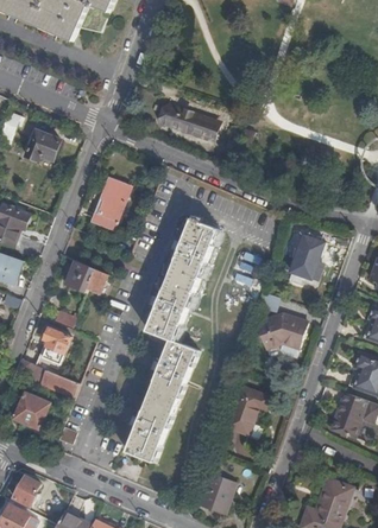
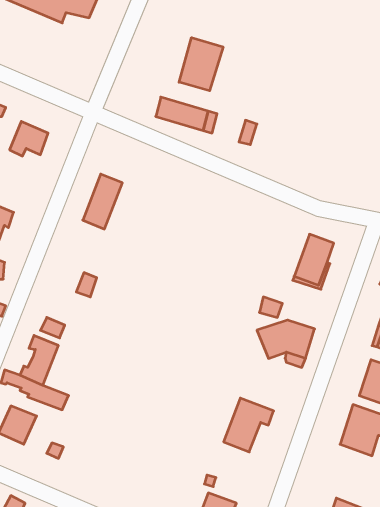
building: none -> [179,38,223,91]
building: [126,220,216,462] -> none
building: [64,261,93,292] -> none

